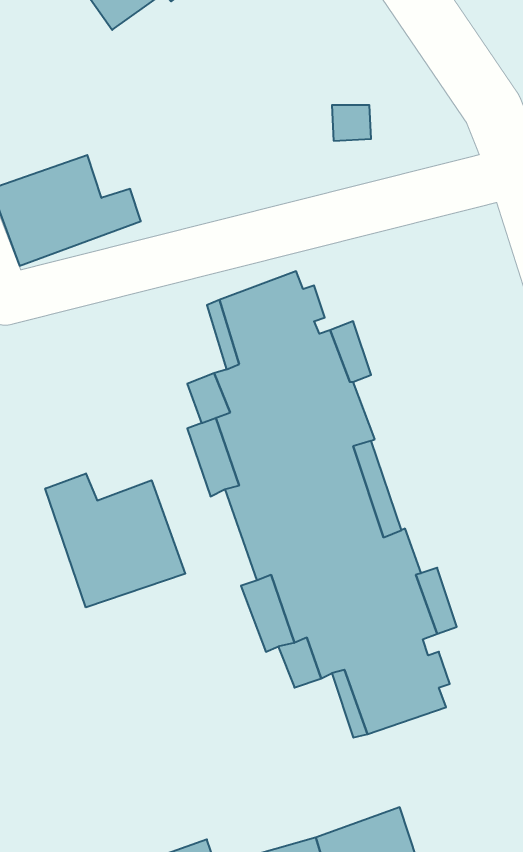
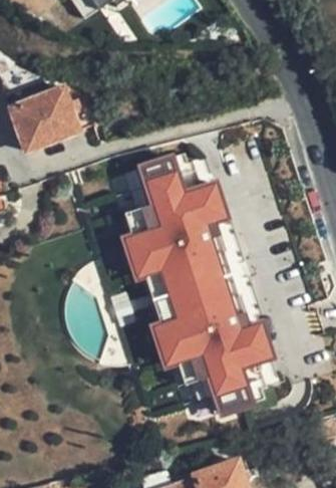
building: [45,473,185,607] -> none

